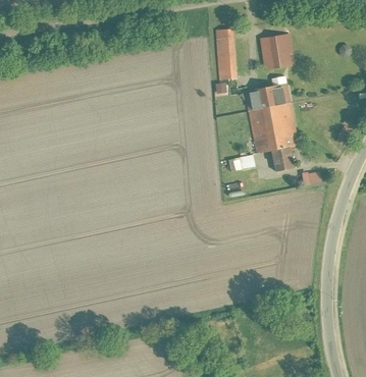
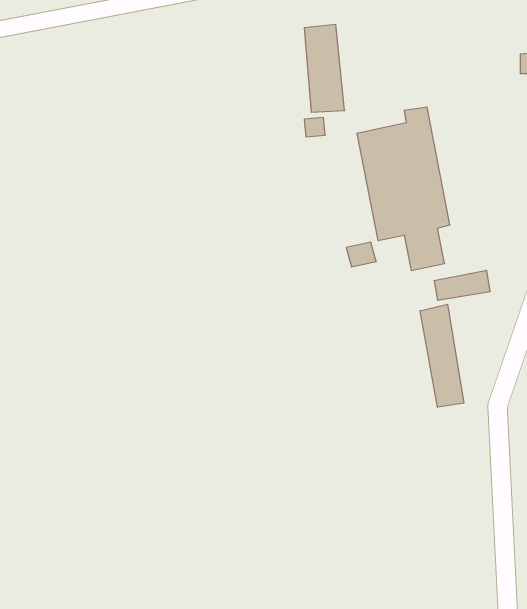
building: [259,34,296,69] -> none
building: none -> [420,304,464,407]

